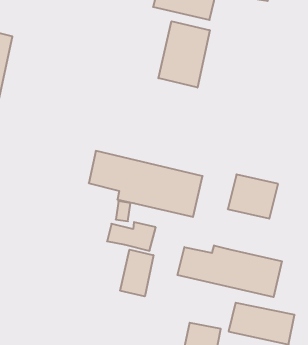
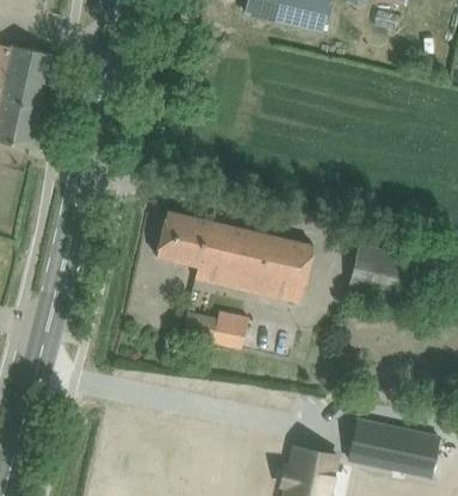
building: [158,21,210,88] -> none
building: [177,245,282,297] -> none
building: [120,250,153,296] -> none

